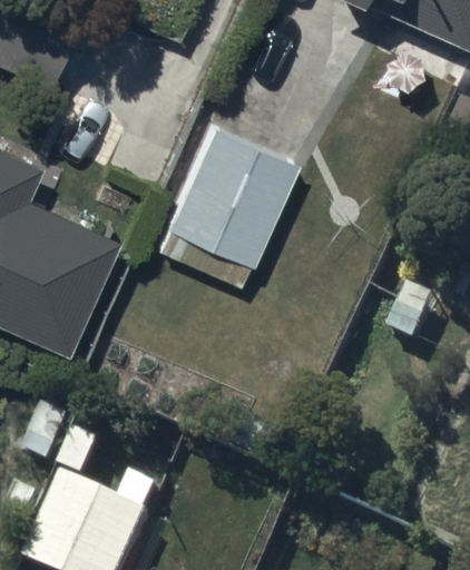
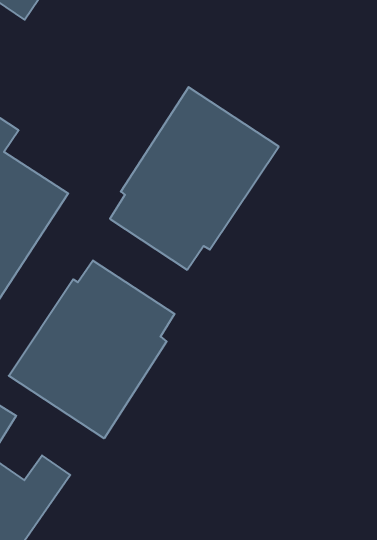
building: none -> [9,260,175,438]

